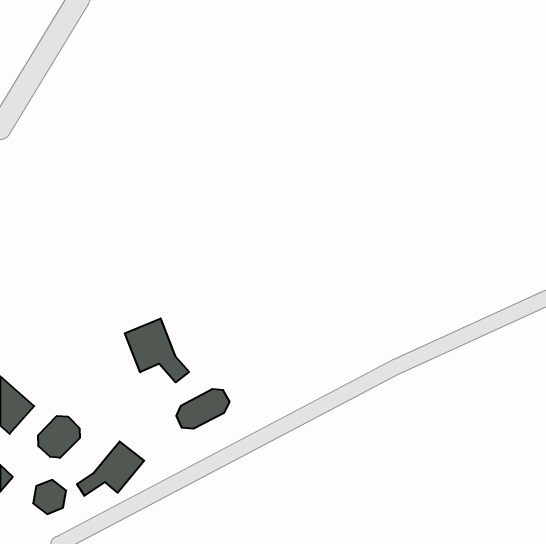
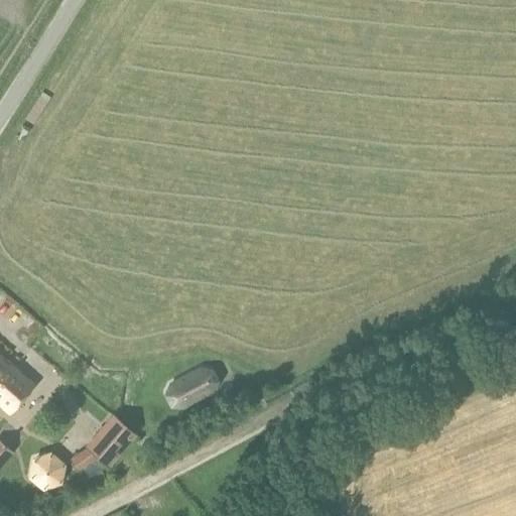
building: [125,318,189,382] -> none
building: [38,416,80,458] -> none

